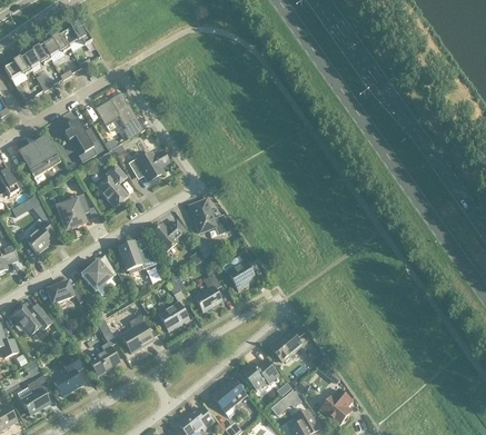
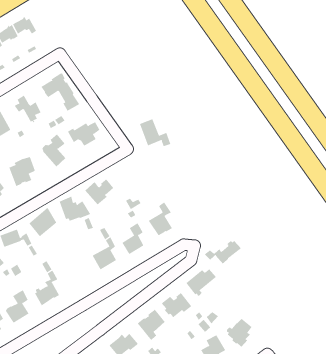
building: [189,198,228,233] -> [139,118,171,147]
building: none -> [204,240,242,264]
building: [120,310,153,353] -> none

